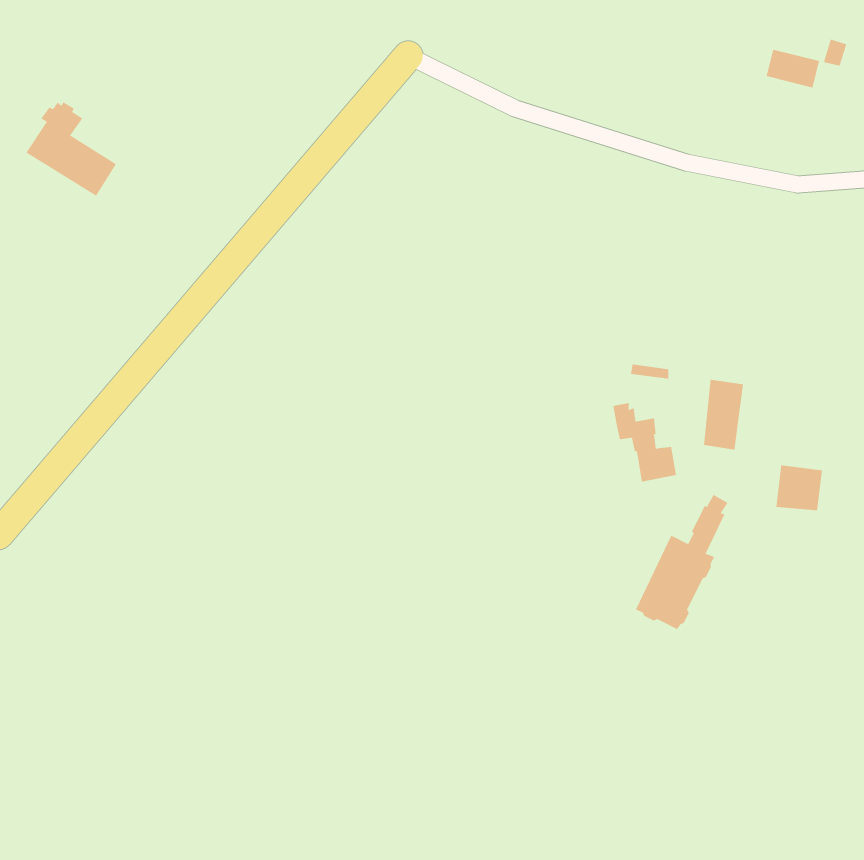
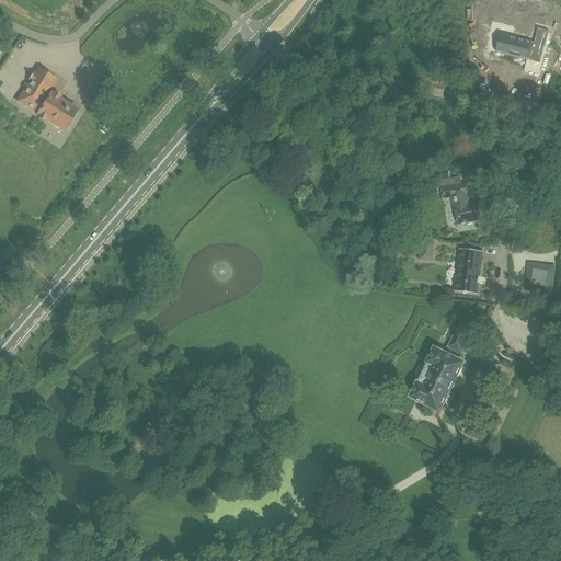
building: [612,403,677,482] -> [438,171,480,222]
building: [775,465,823,511] -> [524,259,554,288]

